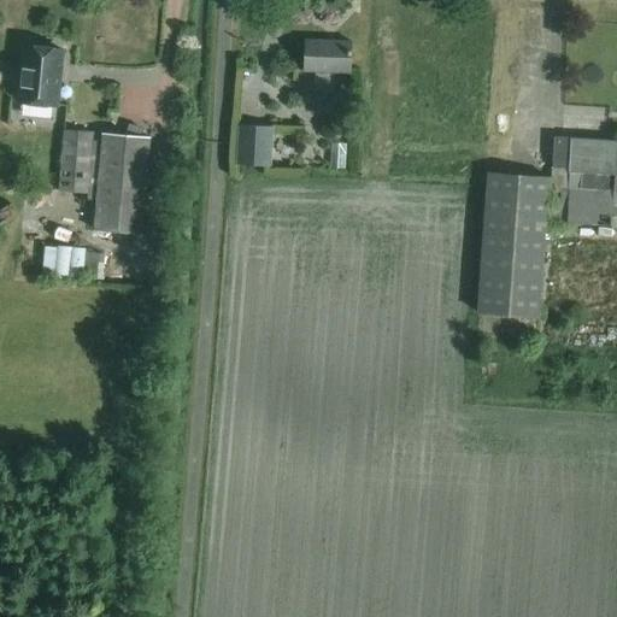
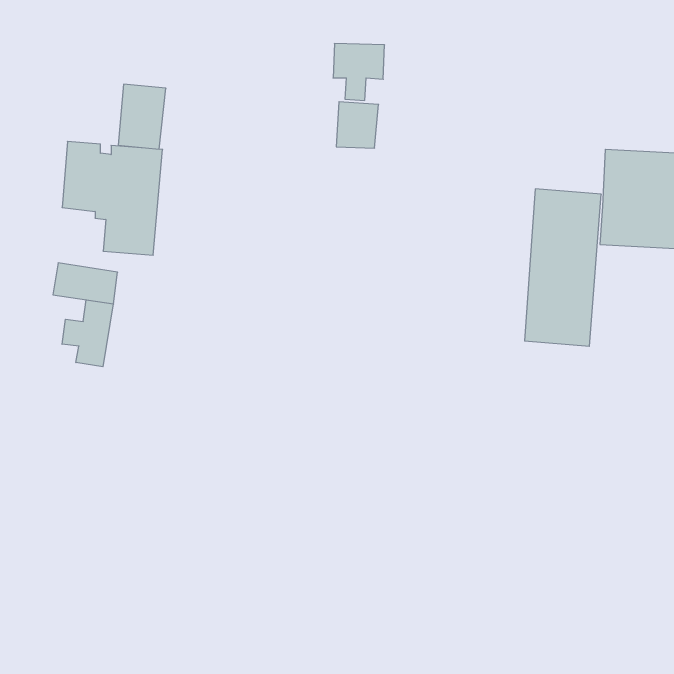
building: [19,46,63,105] -> [118,84,166,149]
building: [236,124,275,166] -> [336,102,379,148]
building: none -> [62,300,113,367]

